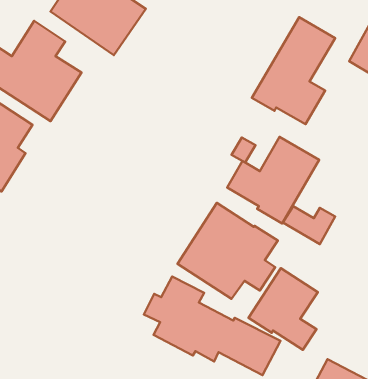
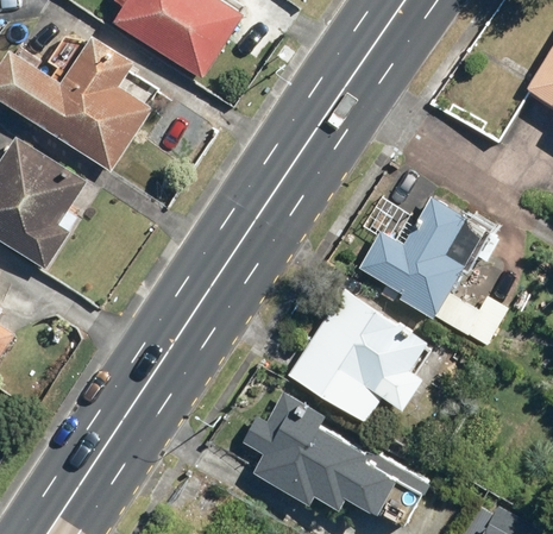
building: [252,17,335,124] -> none
building: [248,268,318,350] -> none

